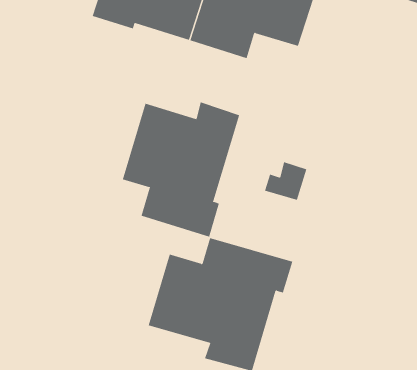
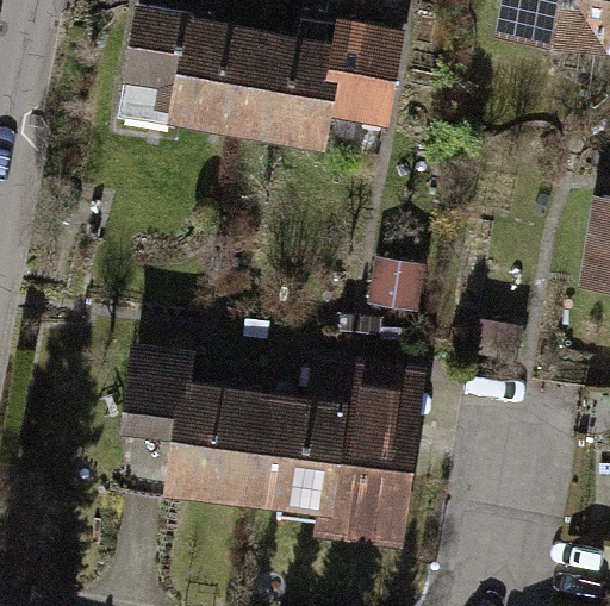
building: [122,102,240,237] -> none
building: none -> [130,360,264,498]

